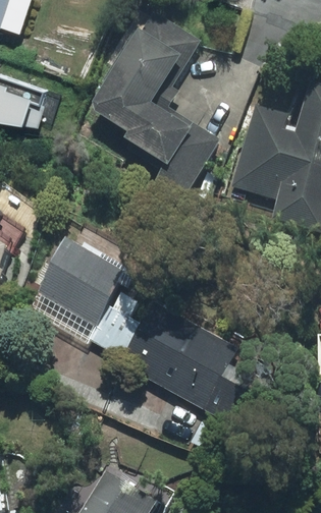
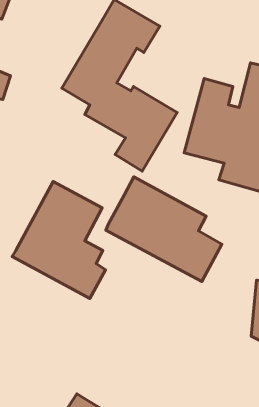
building: [119,300,255,422] -> [106,177,222,282]

